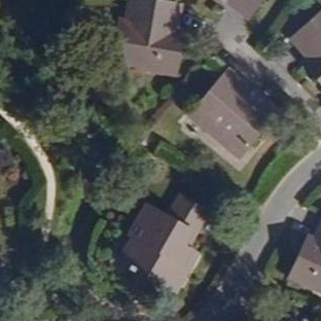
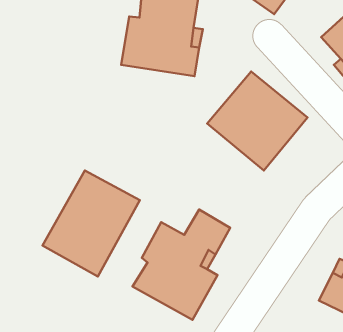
building: none -> [42,171,140,276]

